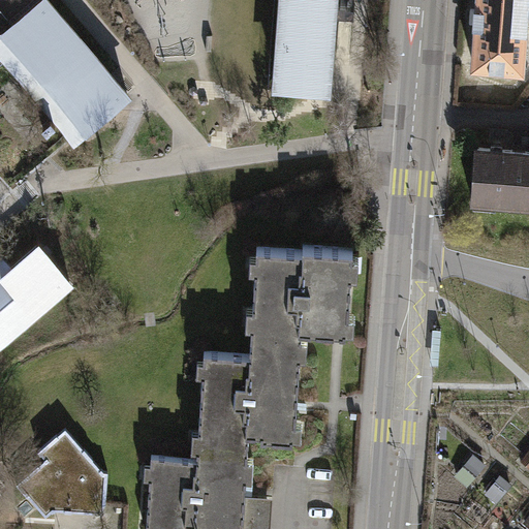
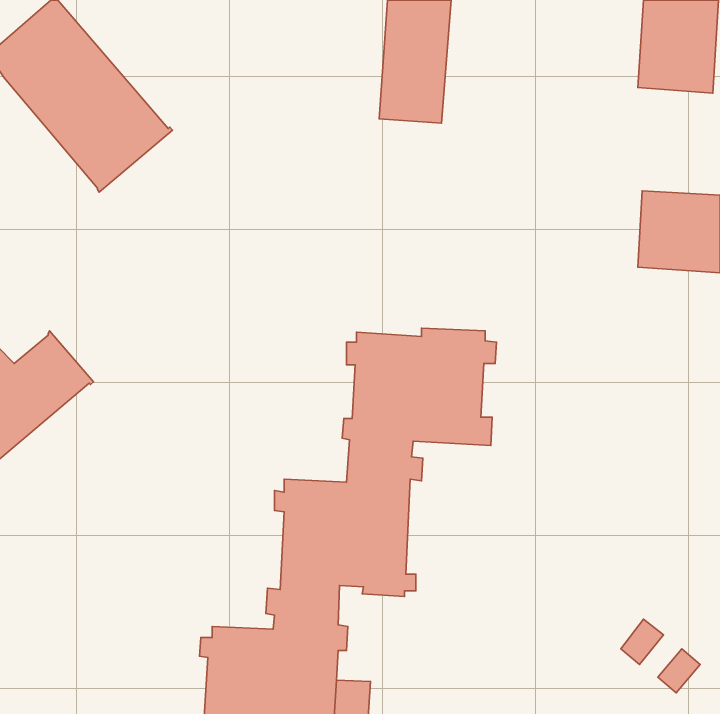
building: [15,434,106,522] -> none

